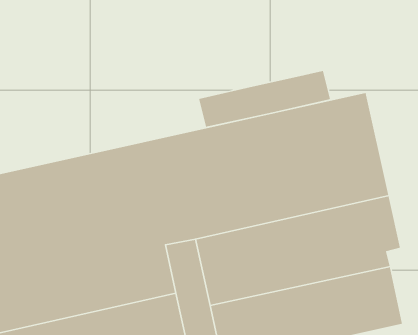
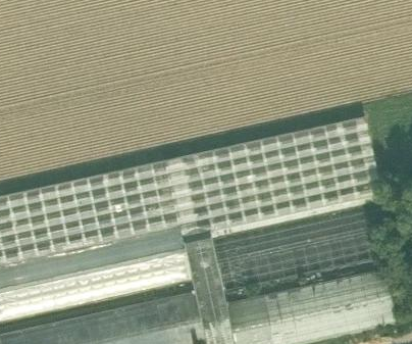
building: [198,70,331,128] -> none

